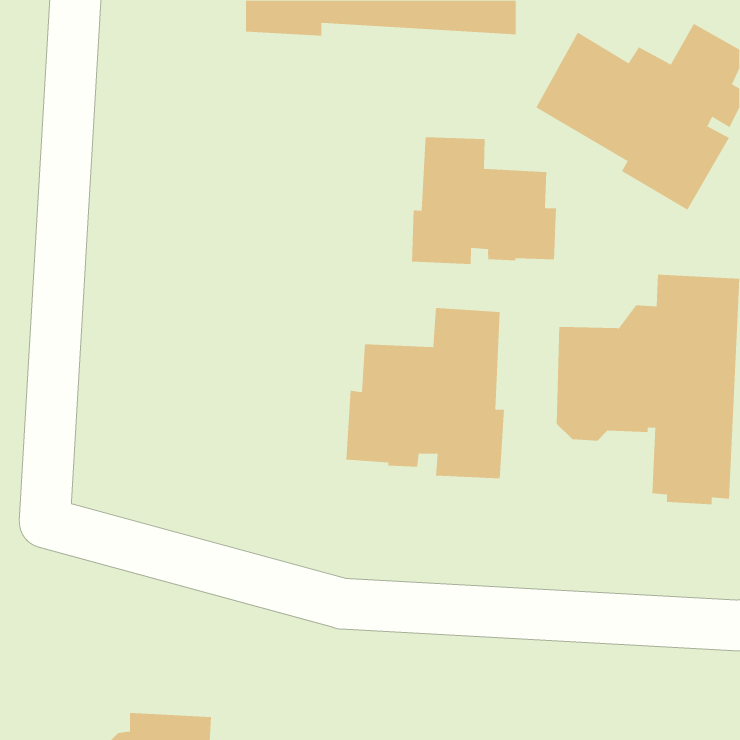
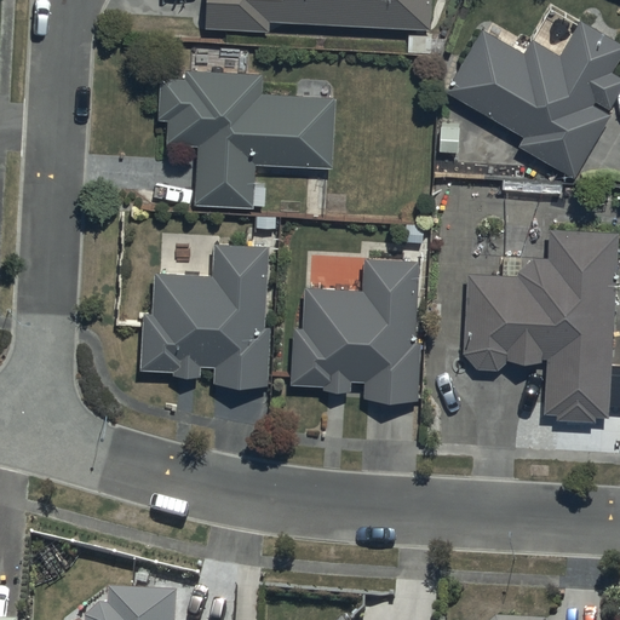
building: none -> [157,71,335,207]
building: [411,137,556,265] -> none
building: none -> [142,243,270,388]

